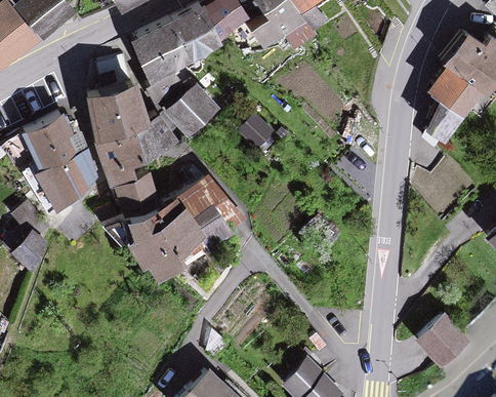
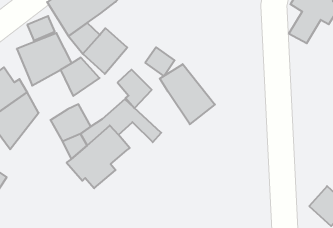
building: [94,123,143,184] -> none
building: none -> [160,64,215,124]
building: [193,201,234,249] -> [118,70,152,108]

